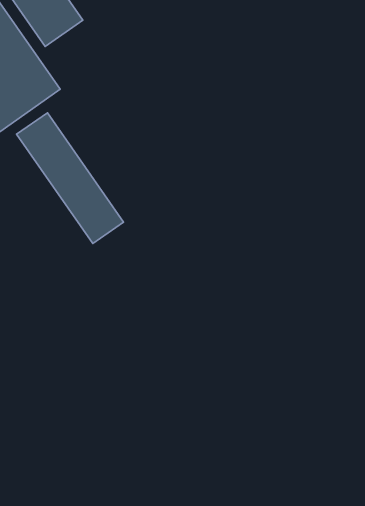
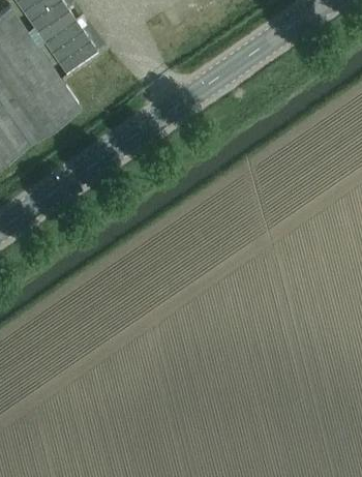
building: [17,113,124,243] -> none

